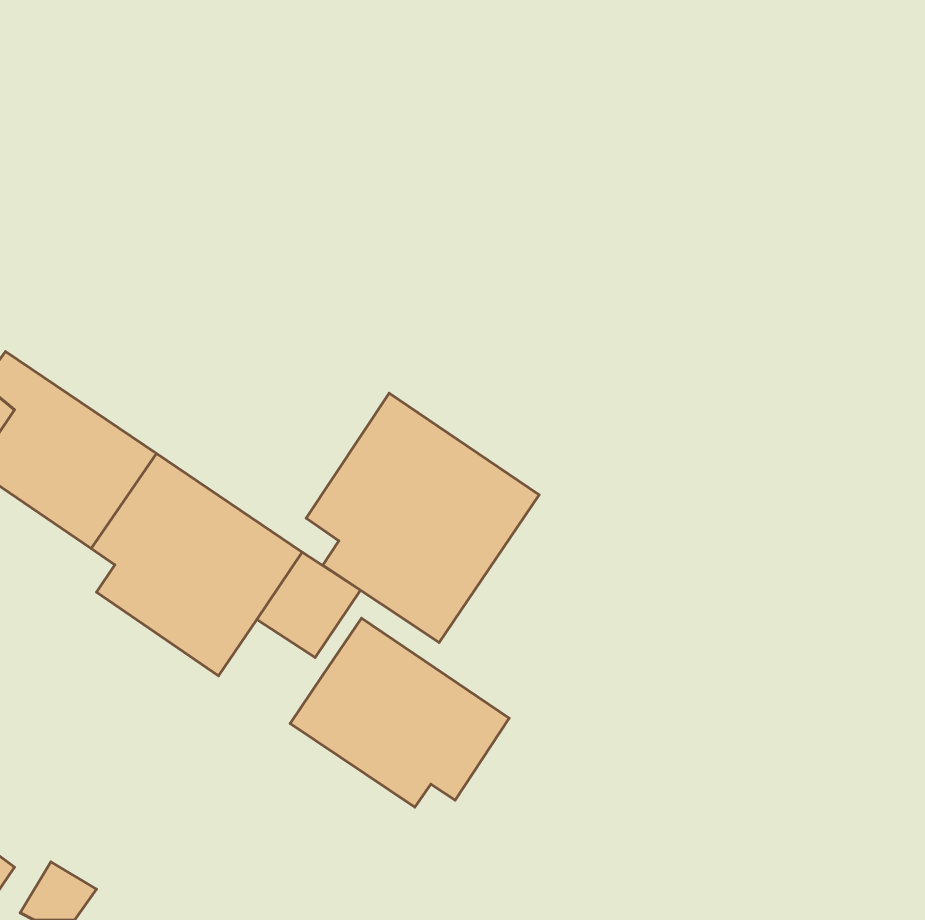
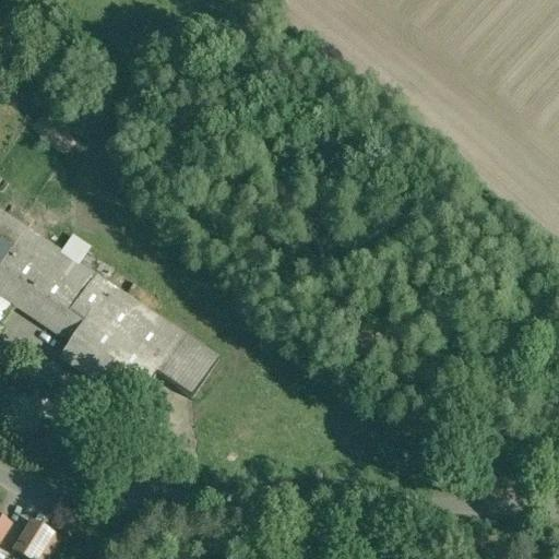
building: [306,393,539,642] -> none
building: [290,618,509,807] -> none

